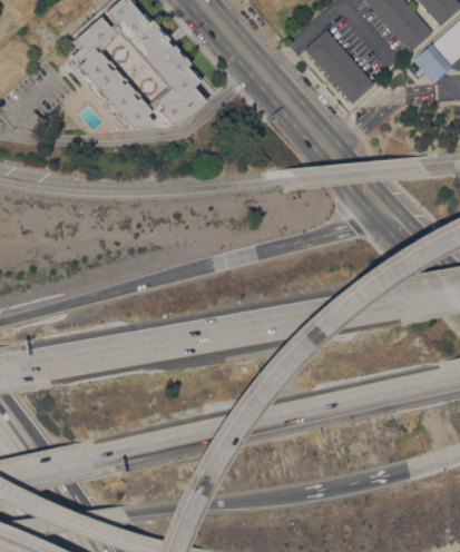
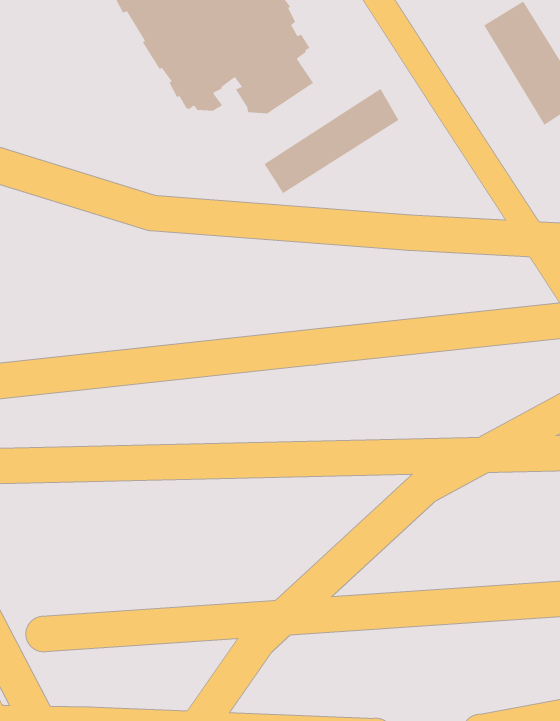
building: none -> [263,88,399,194]

